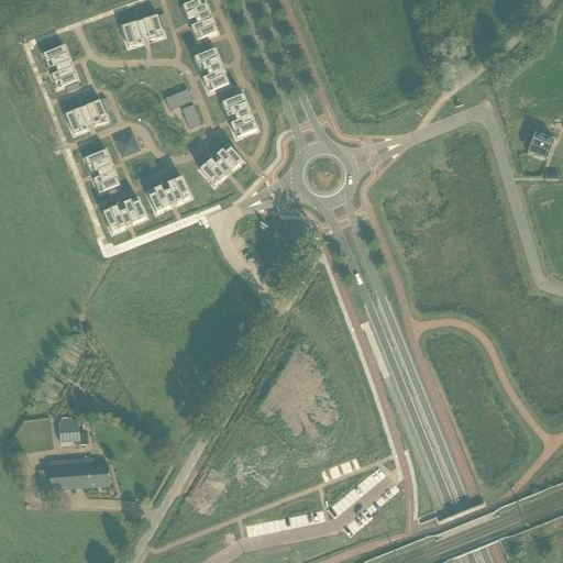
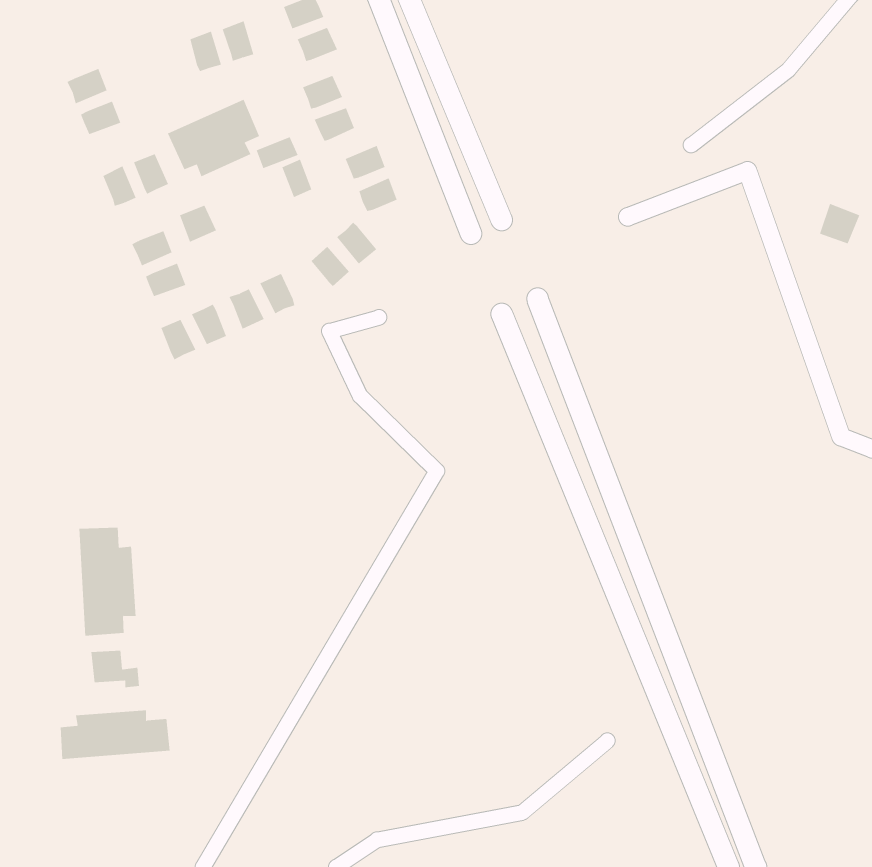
building: none -> [167,99,260,177]
building: none -> [79,527,136,637]

